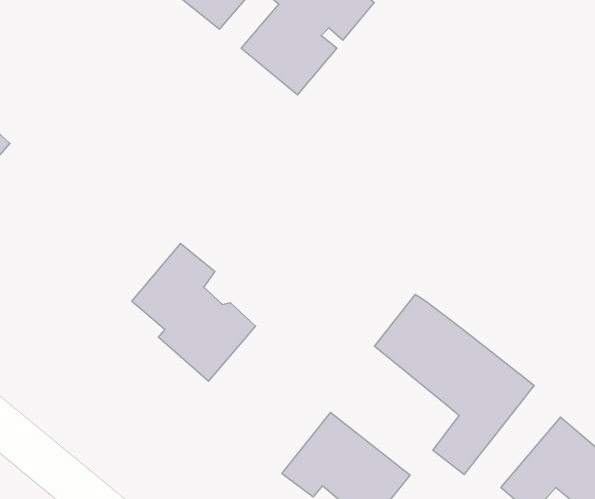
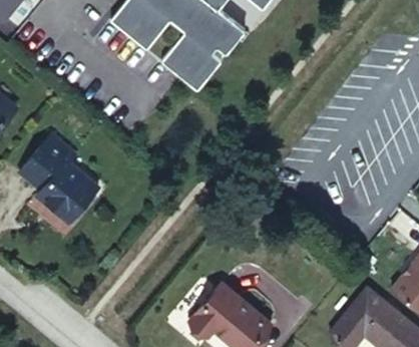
building: [132,243,255,381] -> [20,138,99,227]
building: [375,295,534,474] -> none

